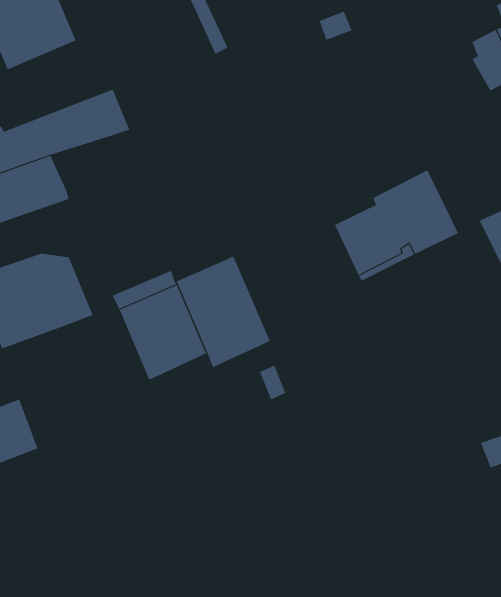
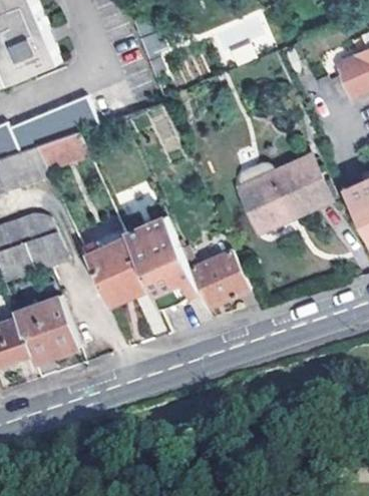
building: none -> [39,131,93,169]
building: none -> [182,230,251,307]
building: none -> [15,296,76,364]

